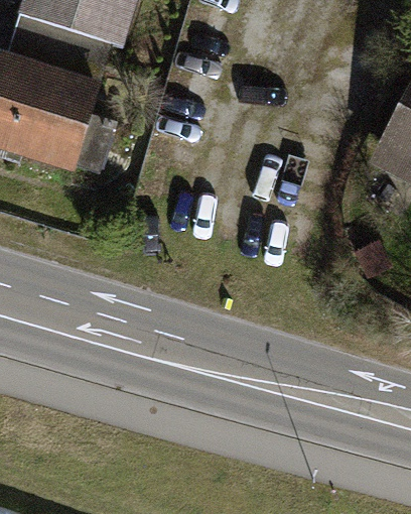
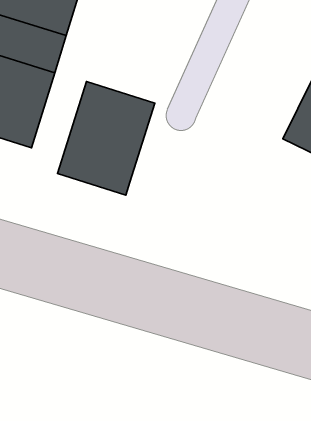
building: none -> [57,81,155,195]

